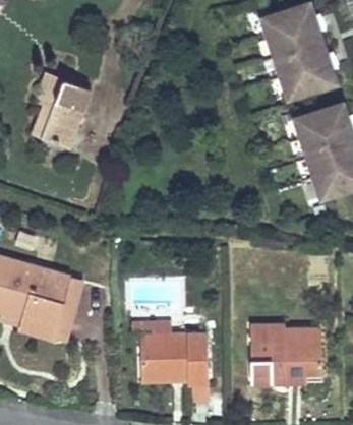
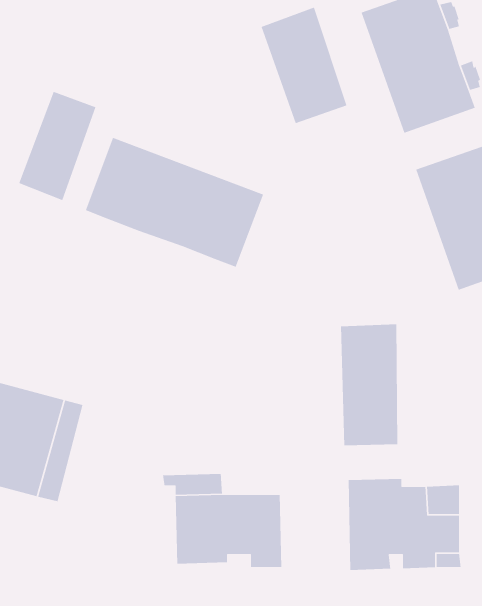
building: none -> [260,7,347,124]
building: none -> [85,137,264,268]
building: none -> [340,323,398,446]

